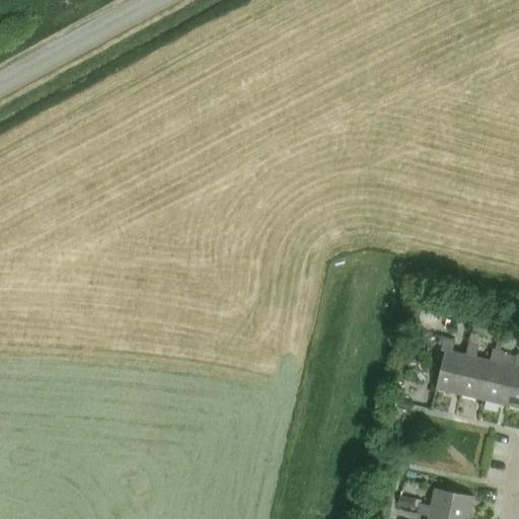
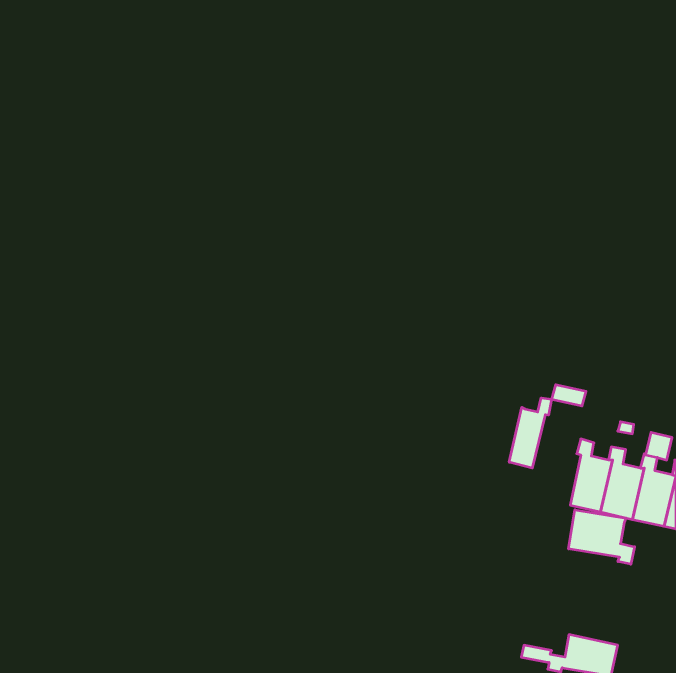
building: none -> [509,398,552,468]
building: none -> [569,510,635,564]

